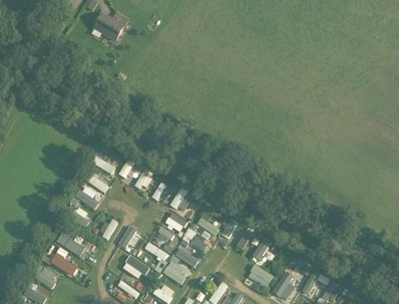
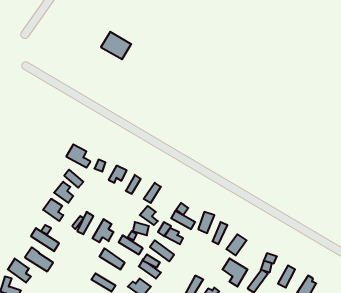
building: [94,14,124,41] -> [101,32,131,59]

